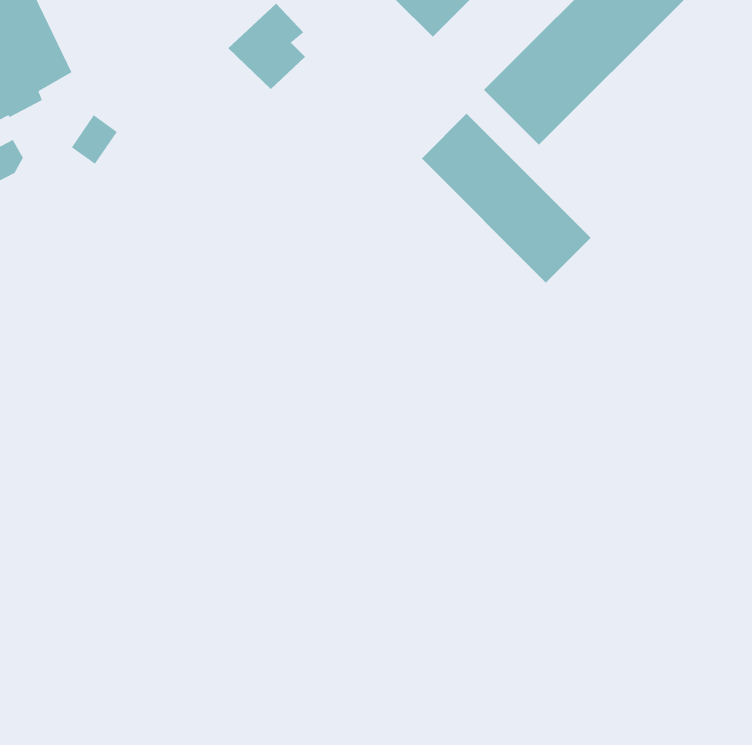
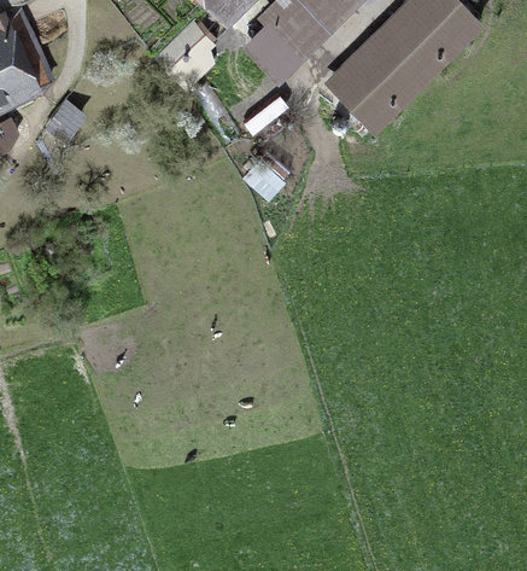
building: [421,113,591,283] -> none

